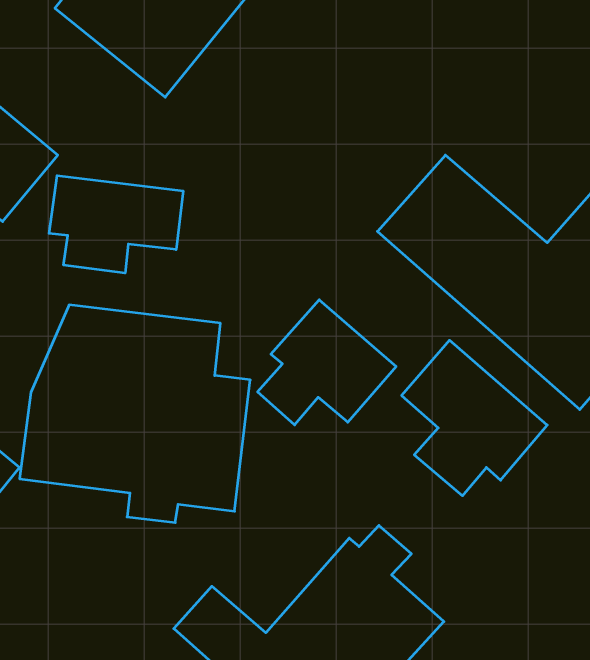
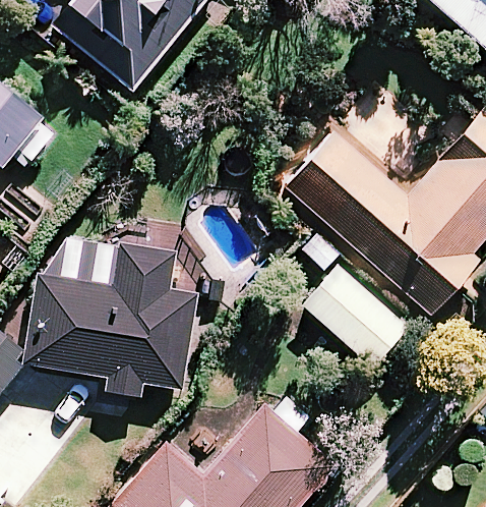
building: [49,176,183,273] -> none
building: [258,300,396,425] -> none

